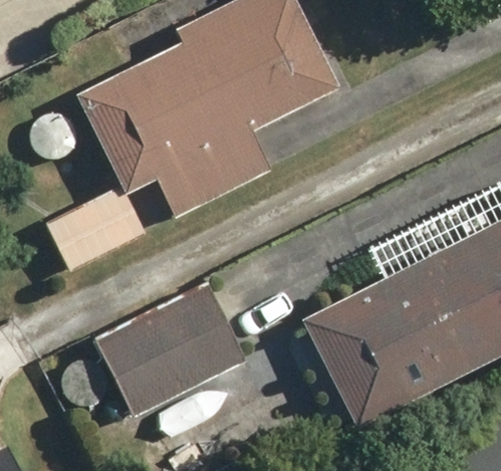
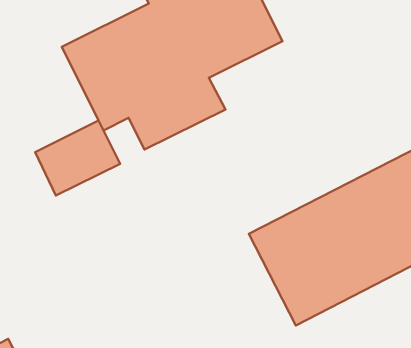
building: [91,281,248,420] -> none

